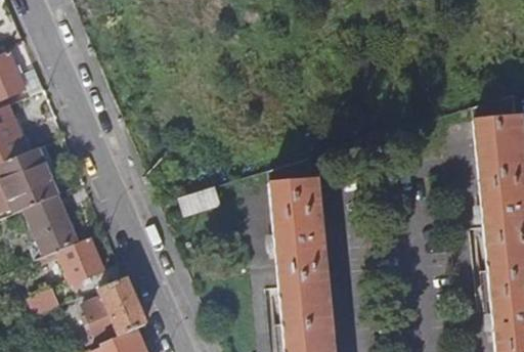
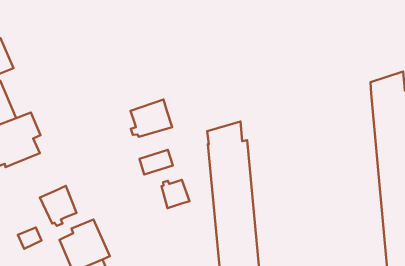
building: none -> [130,99,172,137]
building: [25,196,77,257] -> none
building: none -> [161,180,190,208]

